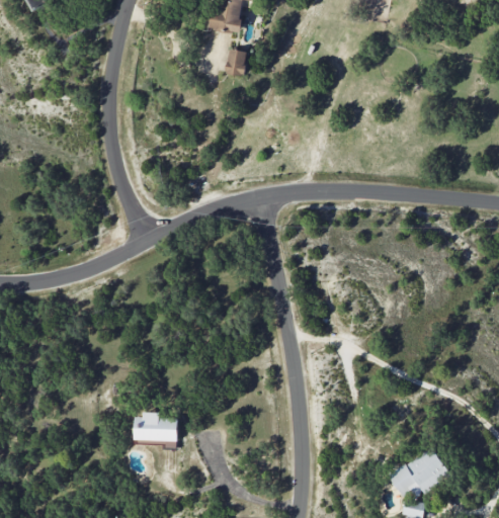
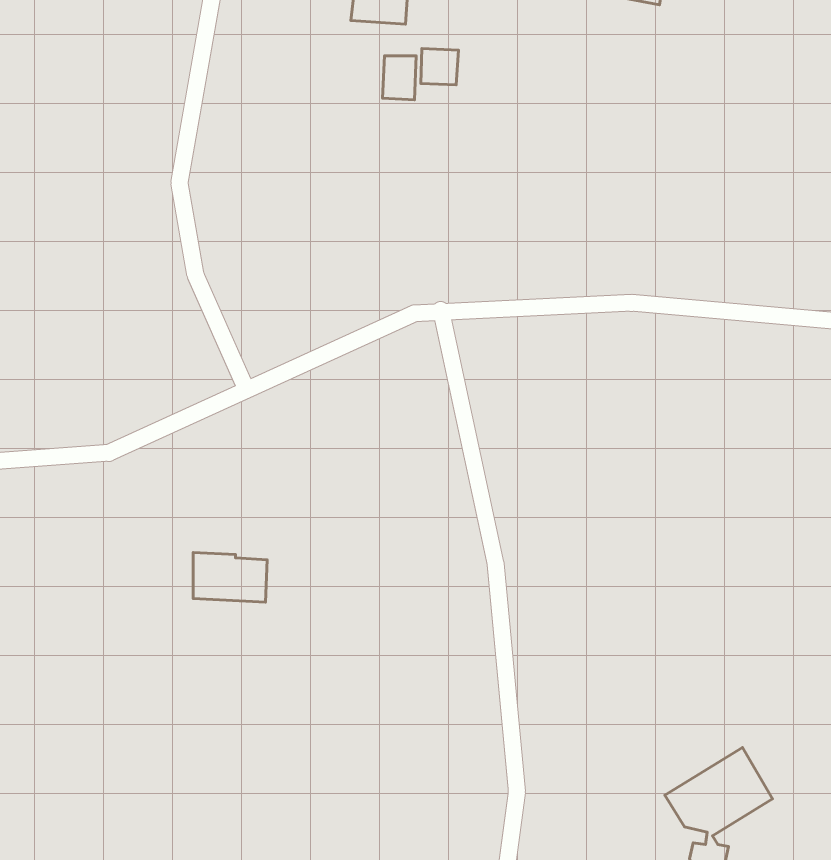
building: none -> [421,49,458,85]
building: [135,413,177,441] -> [193,553,267,602]

